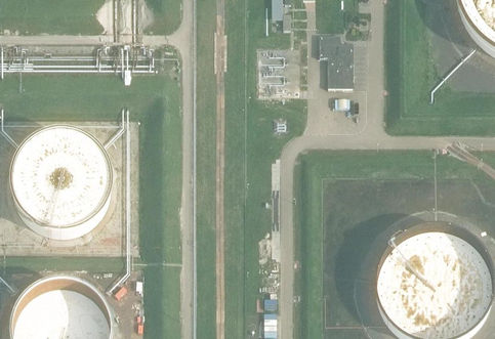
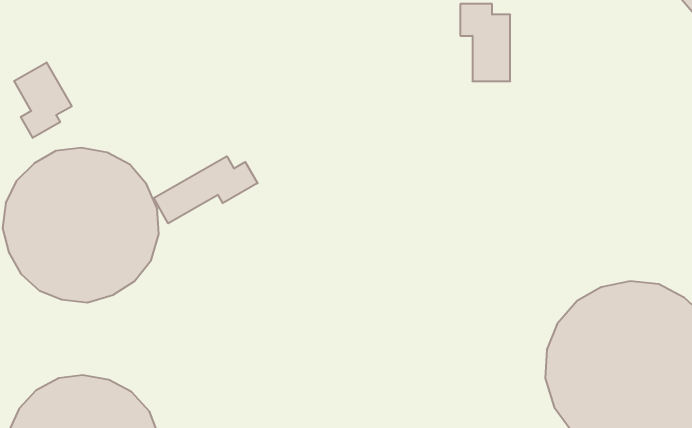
building: none -> [14,62,72,138]
building: none -> [154,156,258,223]

